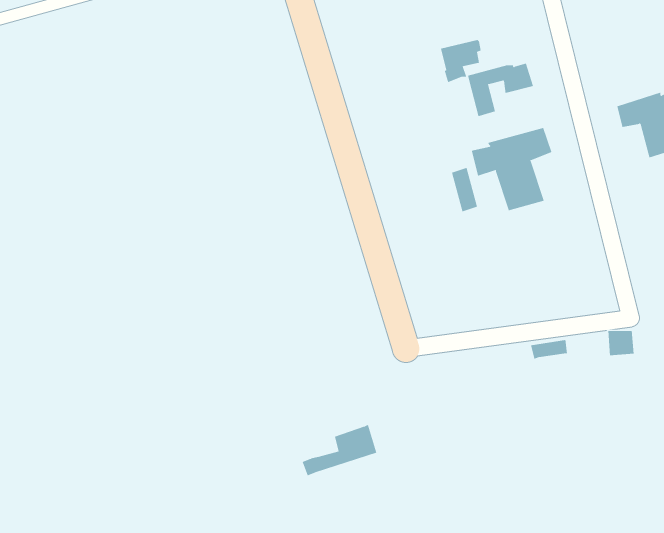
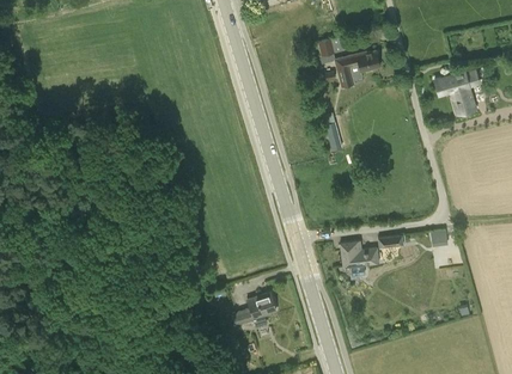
building: [471,127,552,211] -> none
building: none -> [340,241,378,268]

